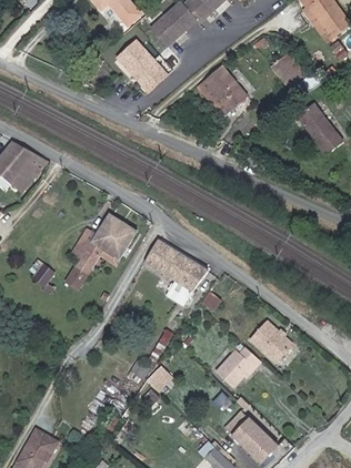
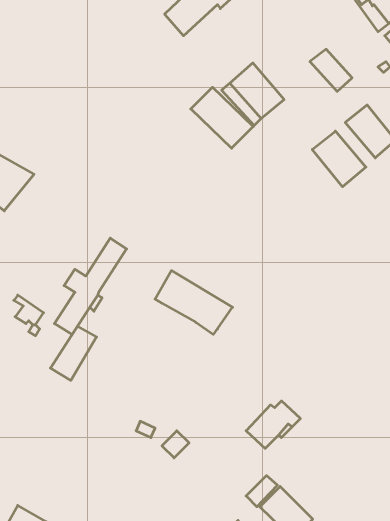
building: [117,42,168,92] -> [191,87,253,148]
building: none -> [312,131,366,187]
building: [99,222,137,266] -> [50,326,97,380]
building: [253,319,291,358] -> none

